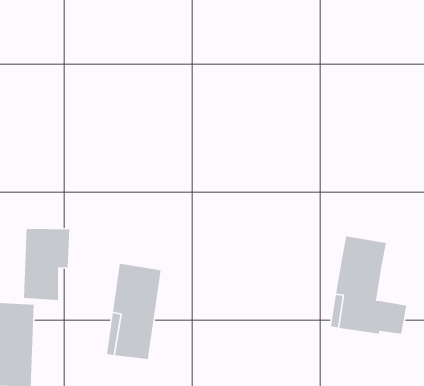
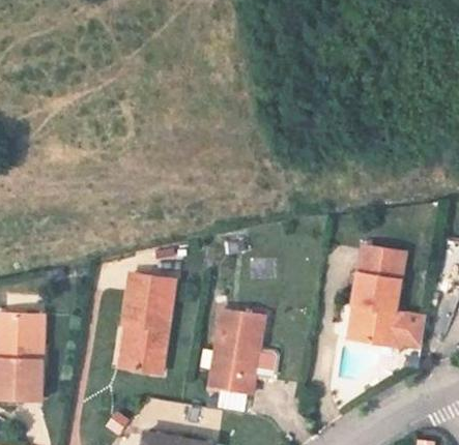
building: [23,228,70,301] -> none
building: none -> [208,309,263,393]

